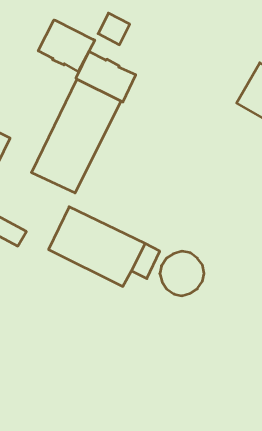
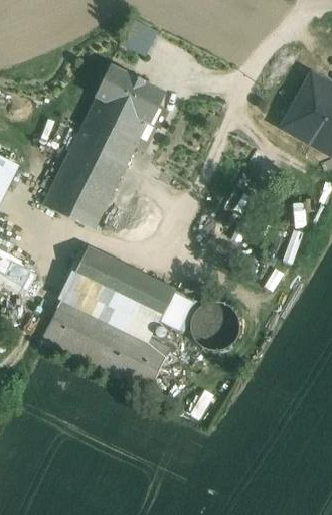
building: [38,20,95,72] -> none
building: none -> [40,295,169,390]

